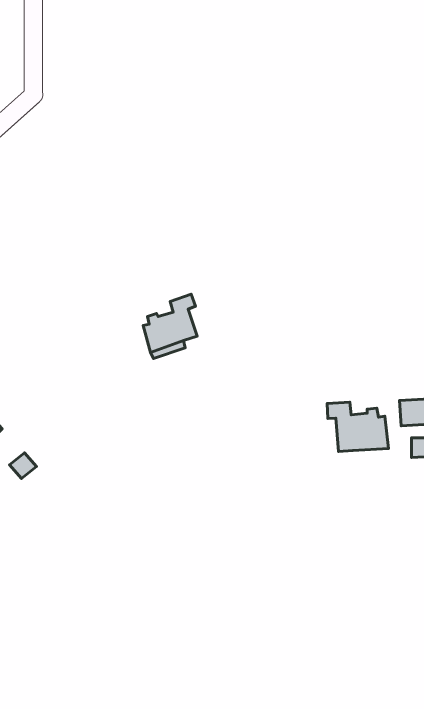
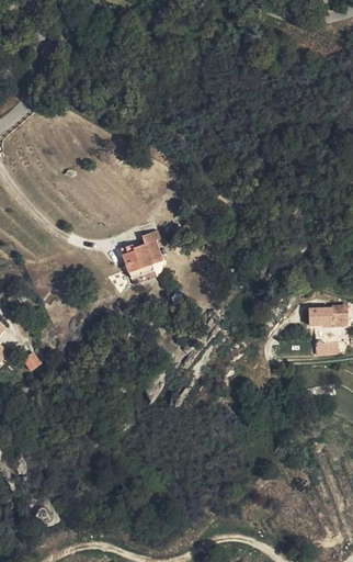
building: [327,402,389,452] -> none

